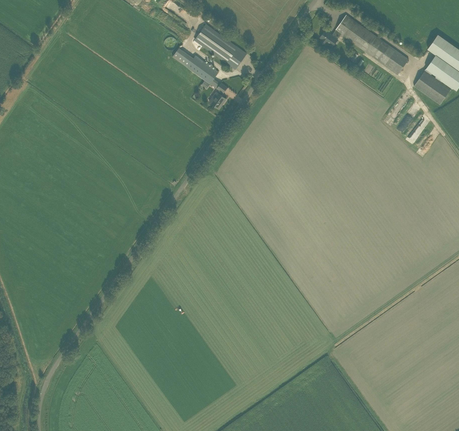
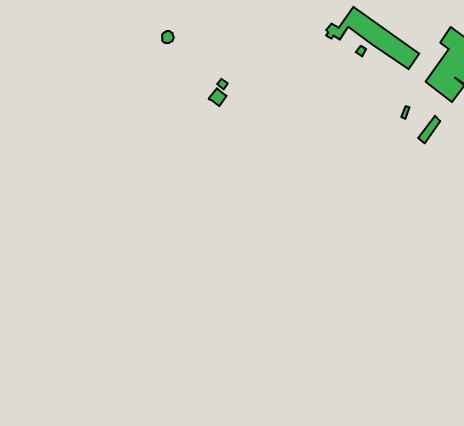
building: [193,23,246,68] -> none
building: [171,48,217,82] -> none

